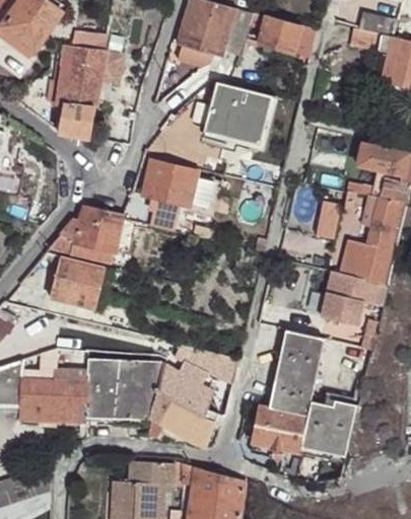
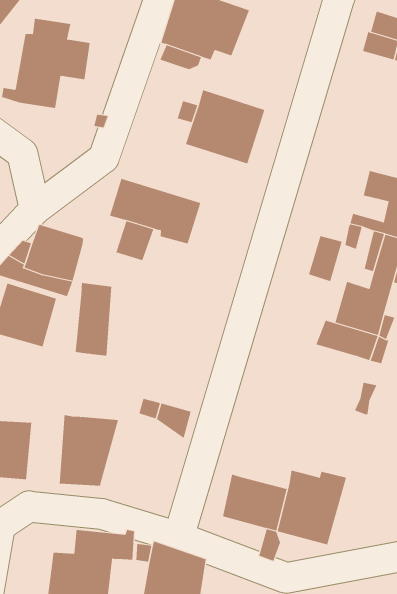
building: [258,16,317,57] -> none
building: [59,103,94,139] -> none
building: [318,294,359,328] -> none
building: [267,330,324,417] -> none
building: [86,362,115,423] -> [75,283,112,356]
building: [149,366,214,448] -> none

